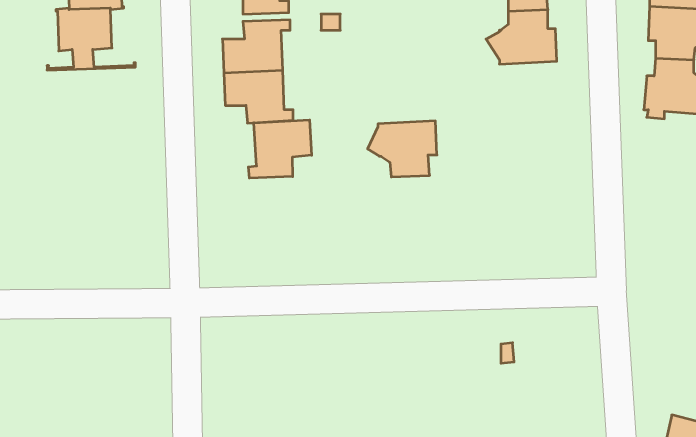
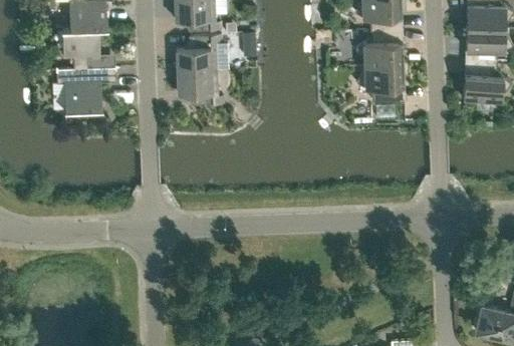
building: none -> [56,69,116,111]
building: [248,120,312,178] -> none
building: [368,121,437,177] -> [357,65,405,103]

